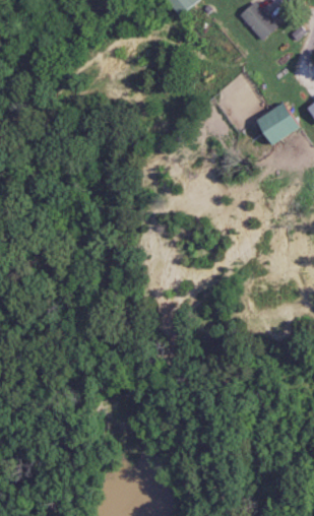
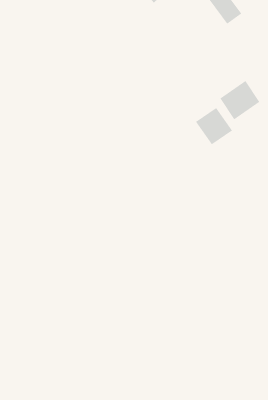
building: none -> [195,107,233,145]

